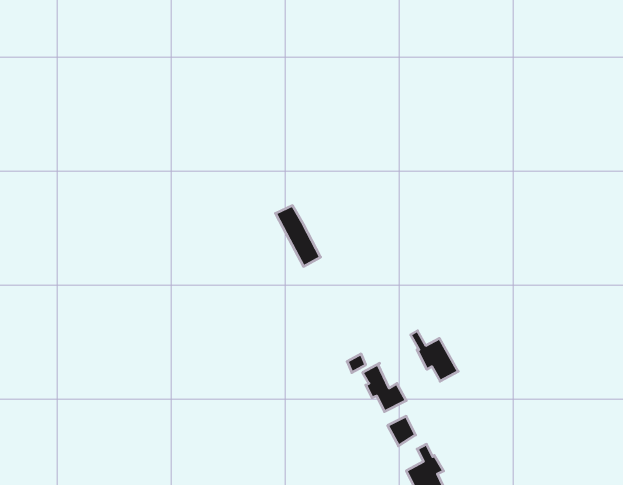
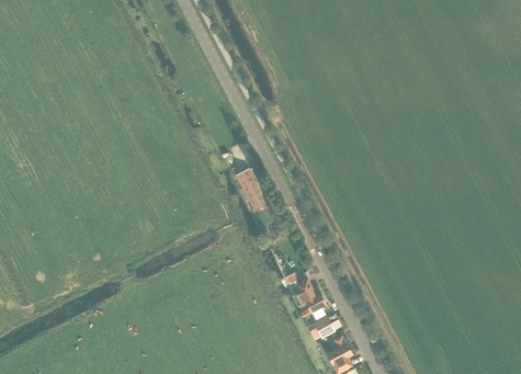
building: [411,331,458,381] -> none

